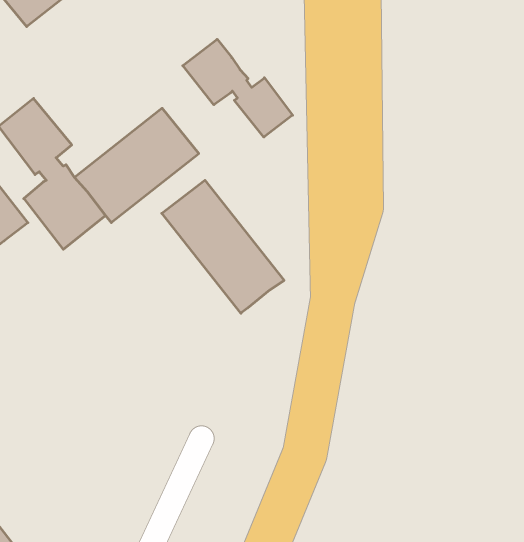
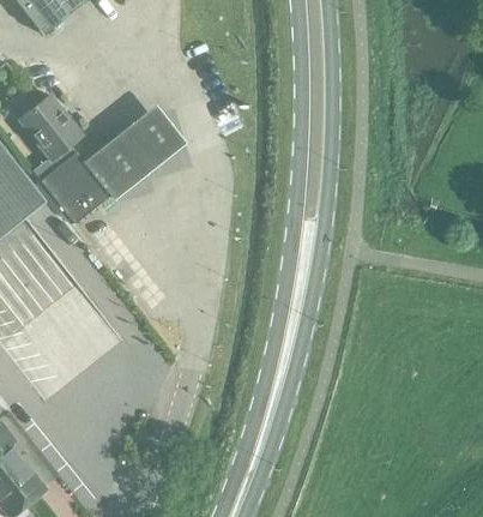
building: [183,39,293,137] -> none
building: [162,180,284,313] -> none

